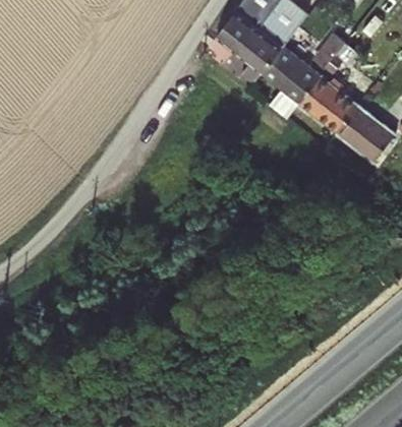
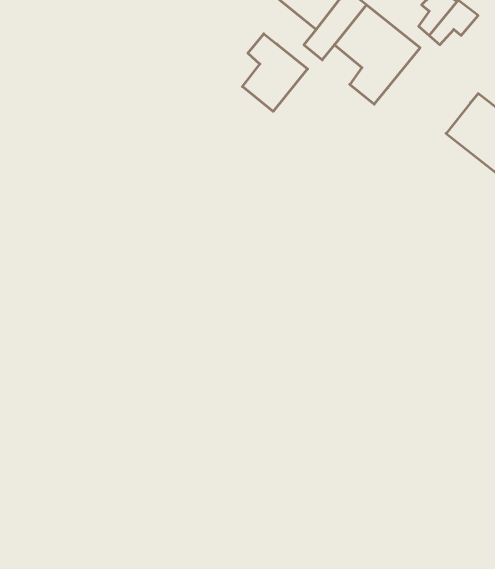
building: none -> [242,34,308,111]
building: [298,75,358,132] -> none

